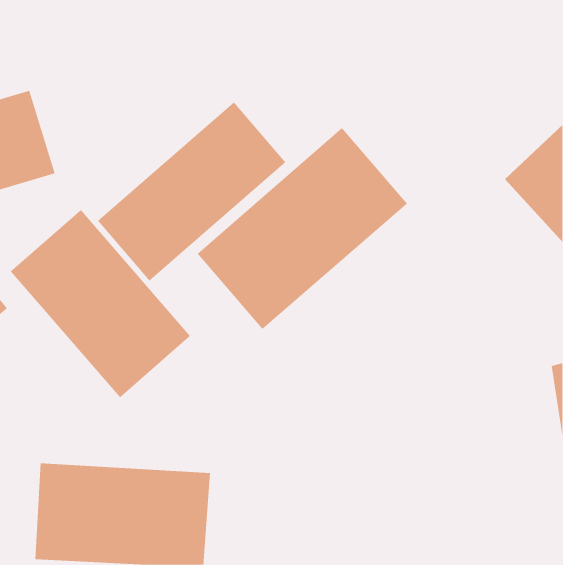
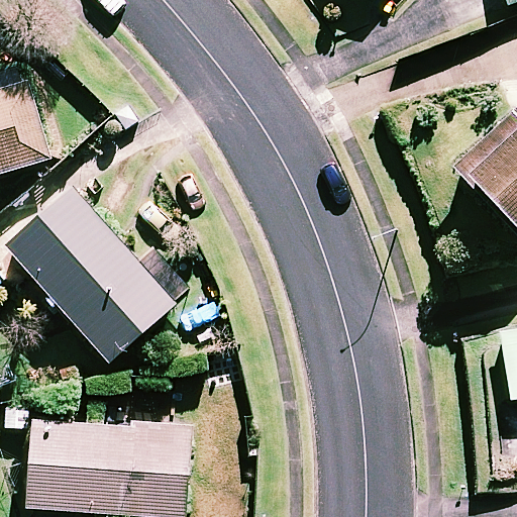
building: [97,102,286,281] -> none
building: [197,127,408,330] -> none

